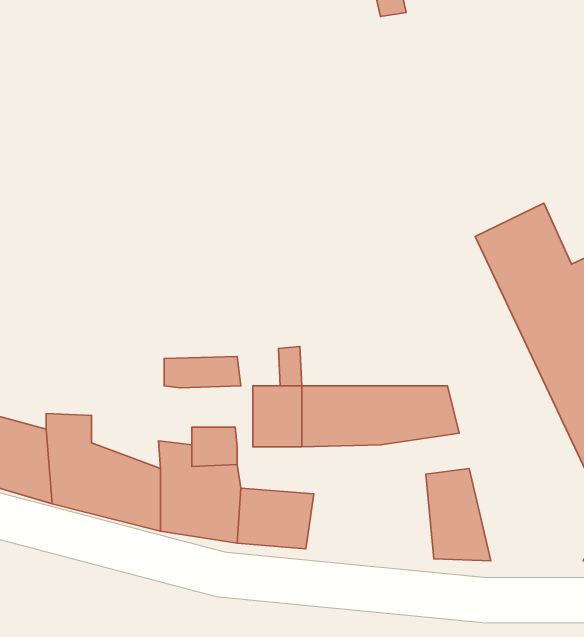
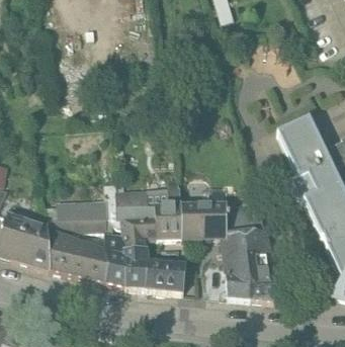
building: none -> [121,209,159,241]
building: none -> [52,212,108,232]
building: none -> [225,234,270,298]

